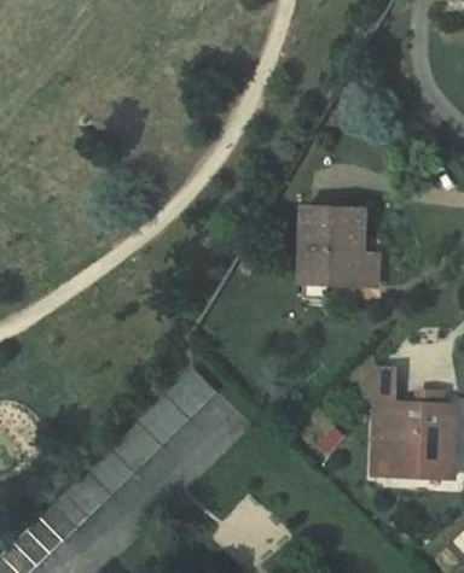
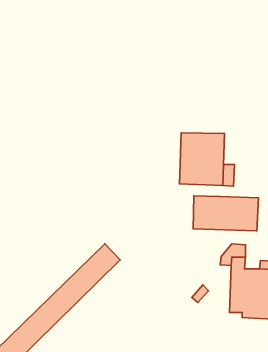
building: none -> [193,196,259,231]

